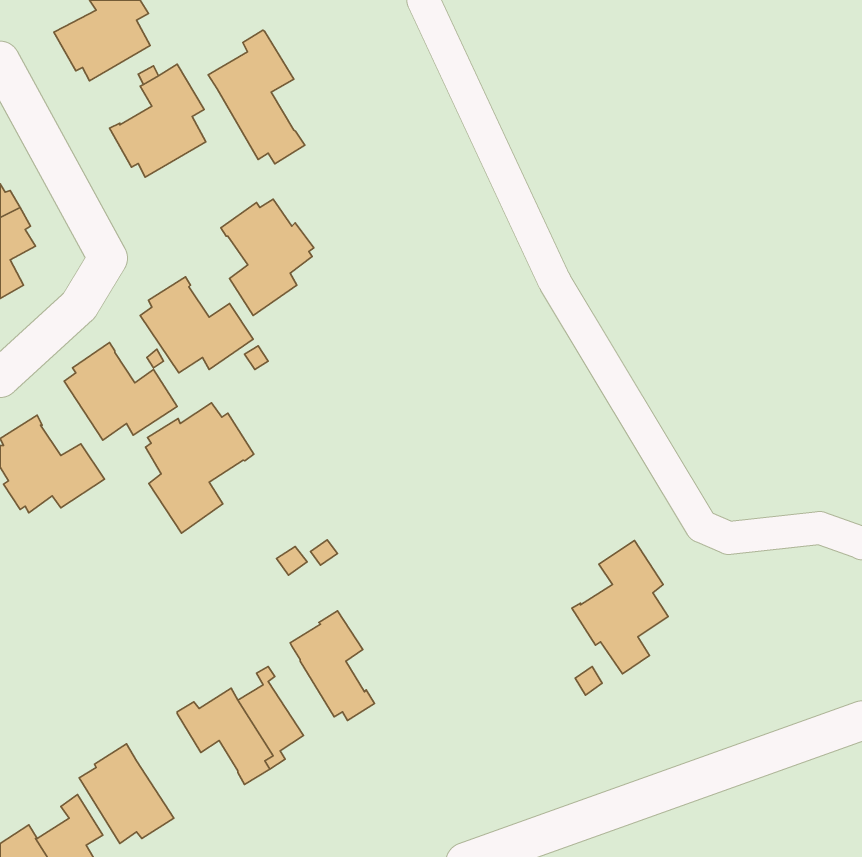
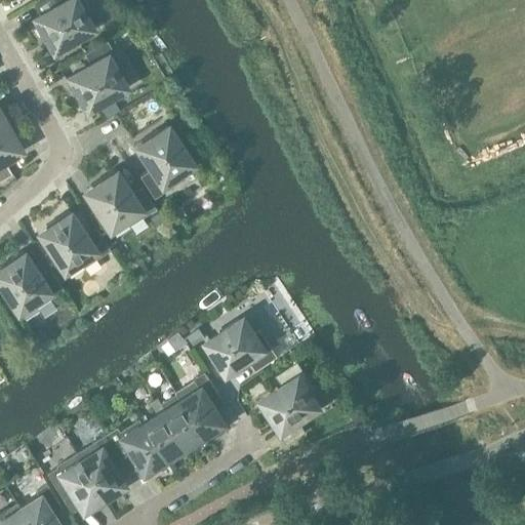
building: [208,30,305,164] -> none
building: [146,403,254,533] -> none
building: none -> [208,322,278,378]
building: [572,541,668,674] -> [259,364,318,445]
building: none -> [151,396,211,450]
building: none -> [77,436,125,500]

